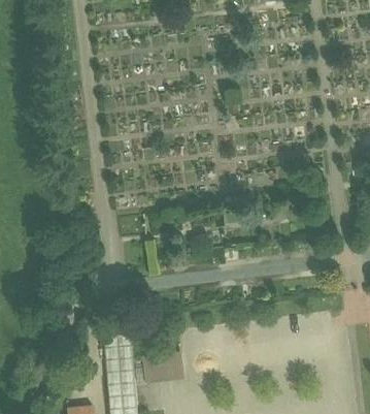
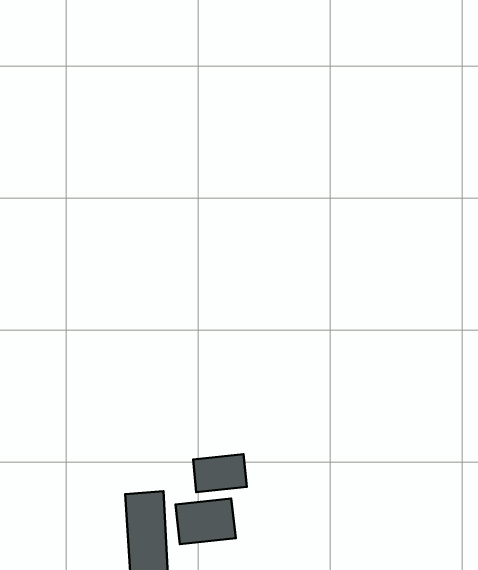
building: none -> [193,454,247,492]

